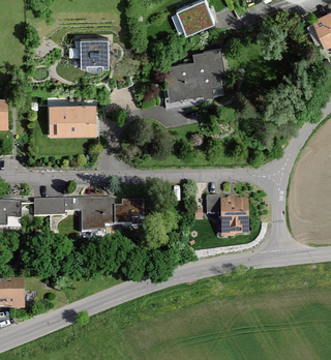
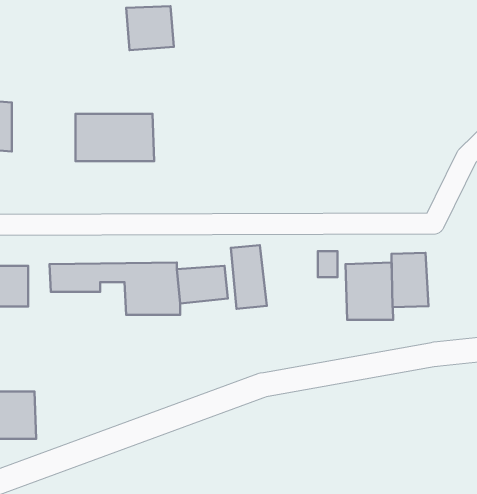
building: [163,48,228,101] -> none
building: none -> [231,245,267,309]
building: none -> [392,253,428,307]

